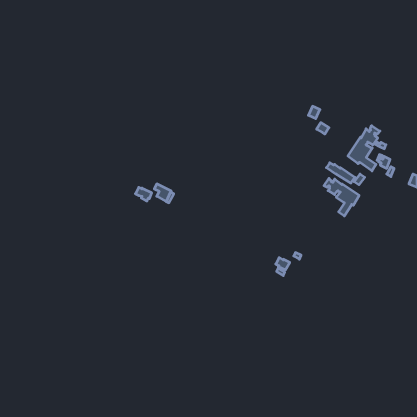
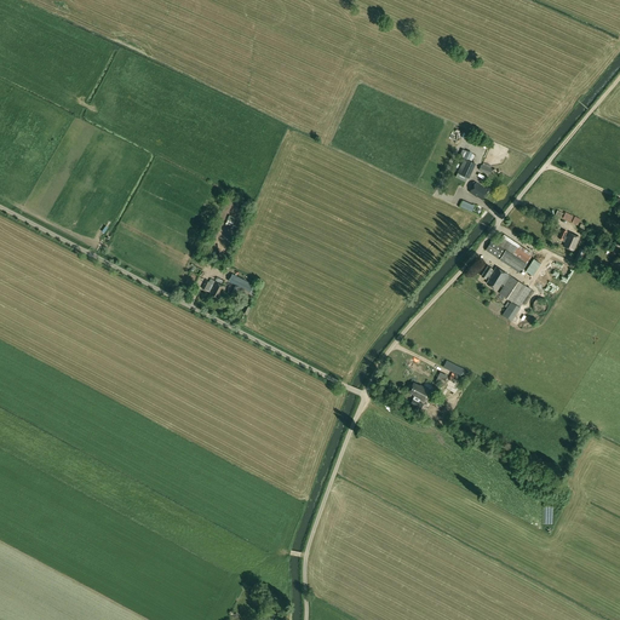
building: [348,126,380,171] -> none

